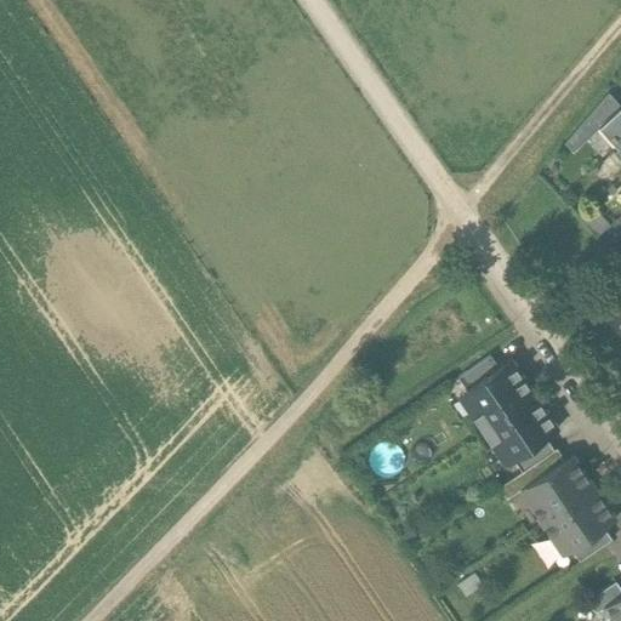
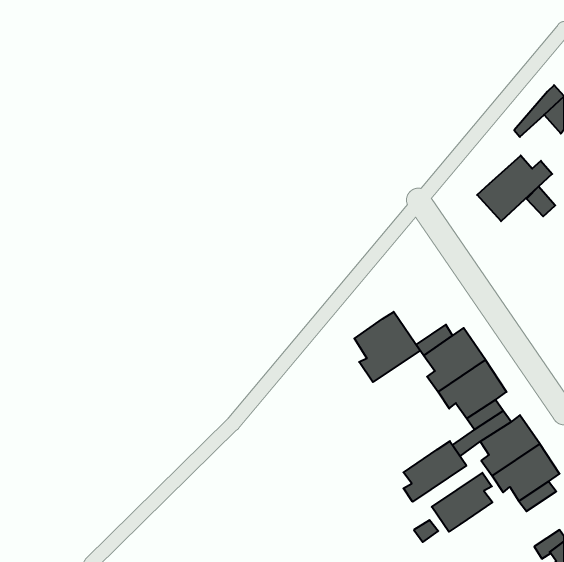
building: none -> [477,155,552,221]
building: none -> [354,312,420,382]
building: none -> [403,441,466,502]
building: none -> [432,473,492,532]

